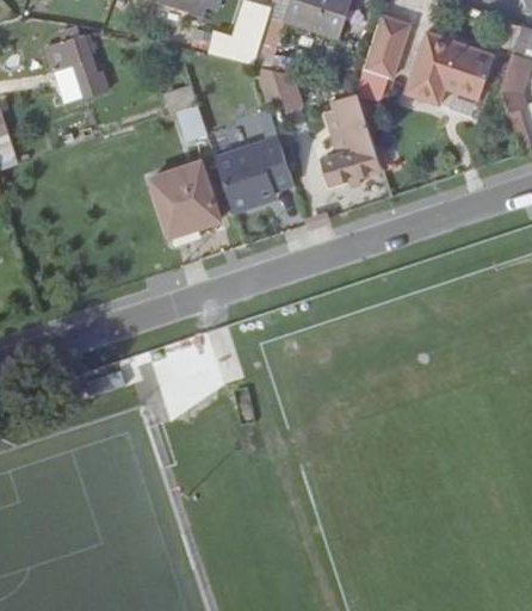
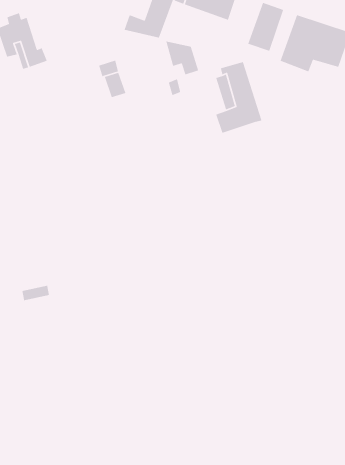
building: [216,135,295,209] -> none
building: [155,162,223,245] -> none

